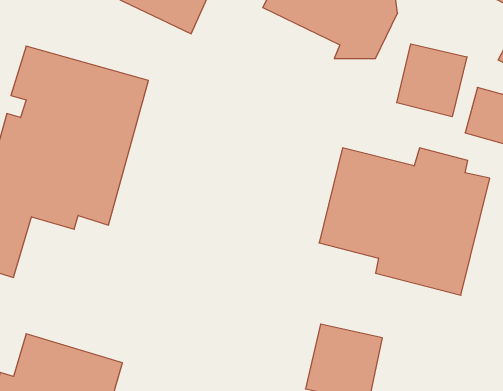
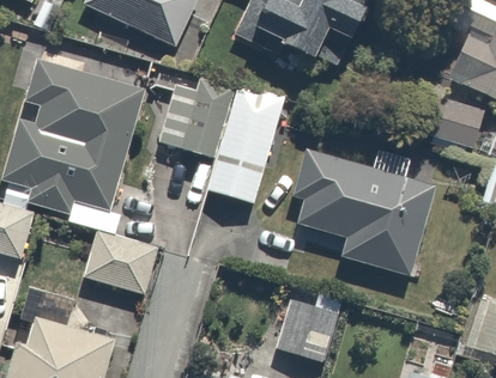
building: [397,44,467,117] -> none
building: none -> [153,78,292,206]
building: none -> [87,227,162,294]

